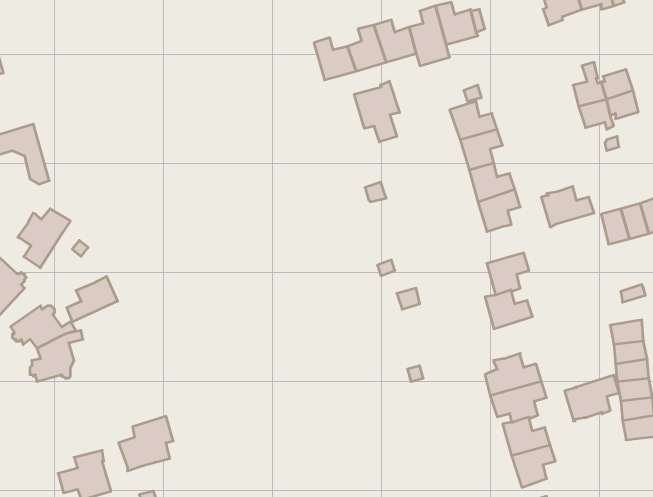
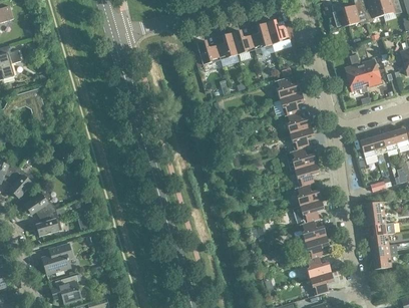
building: [354,81,400,142] -> none
building: [541,186,594,227] -> [286,147,316,171]
building: [18,209,70,268] -> none
building: [67,276,118,322] -> none
building: [565,375,619,421] -> [293,199,324,225]
building: [119,416,173,471] -> [41,243,72,274]

